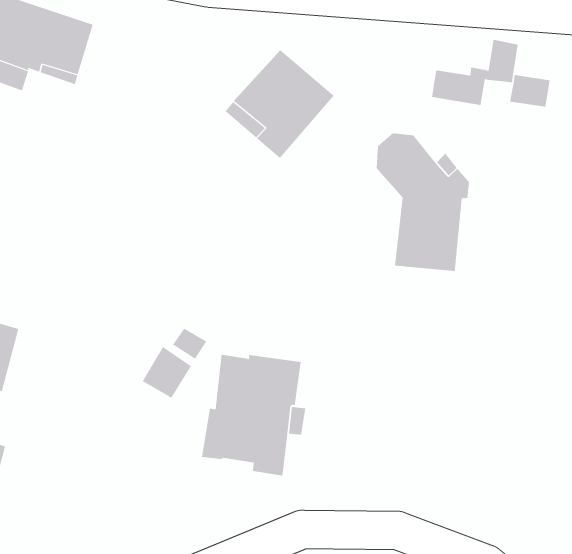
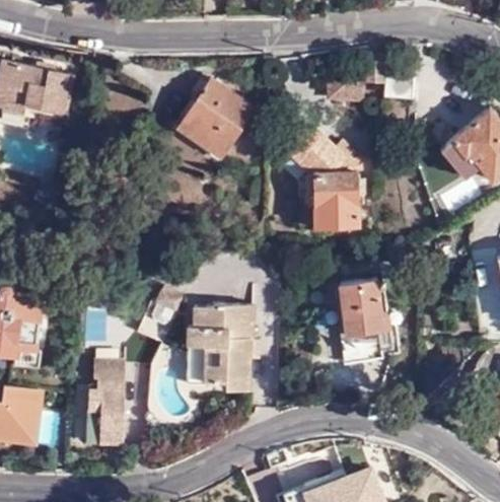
building: none -> [338,280,390,360]
building: none -> [85,361,125,444]

